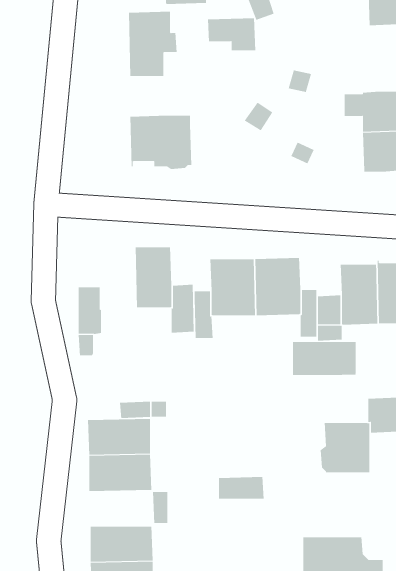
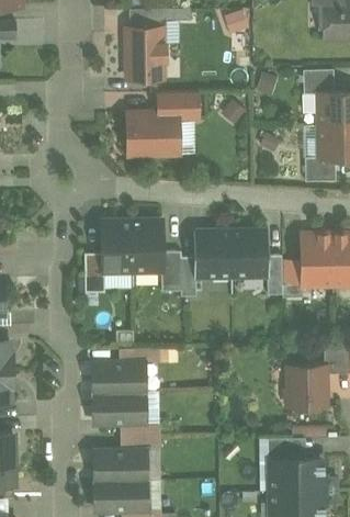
building: [207,18,256,51] -> [158,91,199,119]
building: none -> [303,68,334,93]
building: none -> [305,157,336,181]
building: none -> [102,220,133,271]
building: [293,341,356,376] -> none
building: [218,476,265,499] -> [268,437,306,456]
building: none -> [120,422,147,449]

